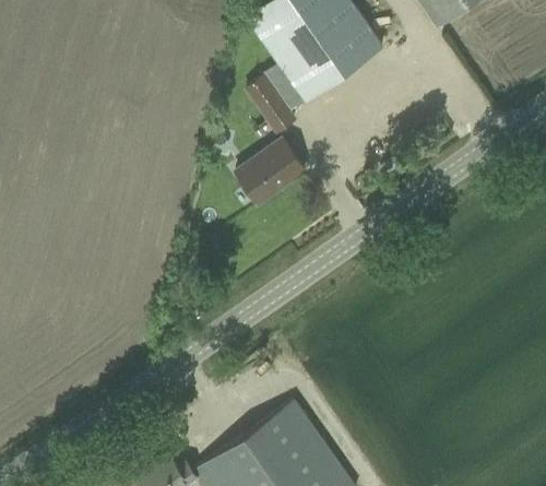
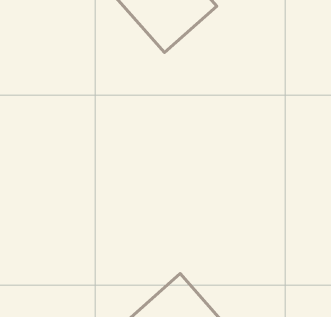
building: [249,80,296,133] -> none
building: [237,141,306,205] -> none

